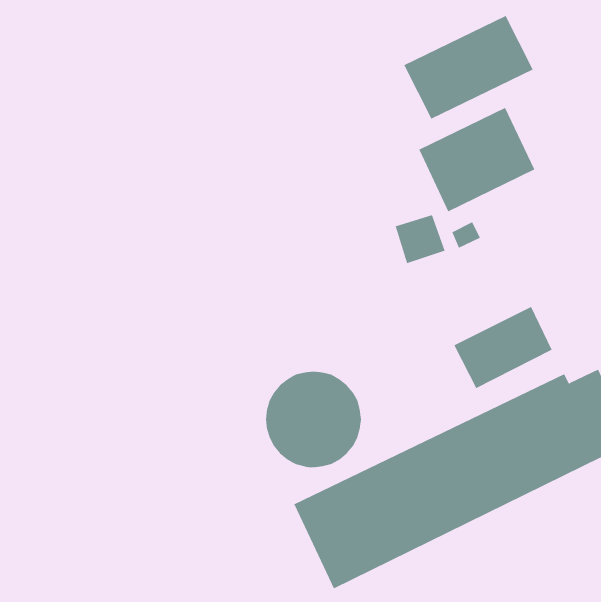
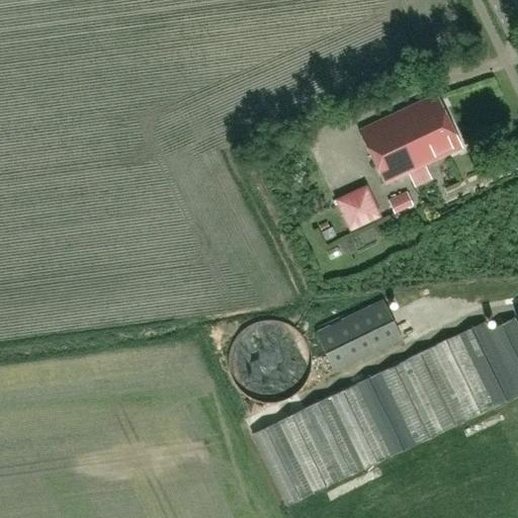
building: [403,15,533,119] -> none
building: [454,306,553,389] -> [317,299,402,370]

